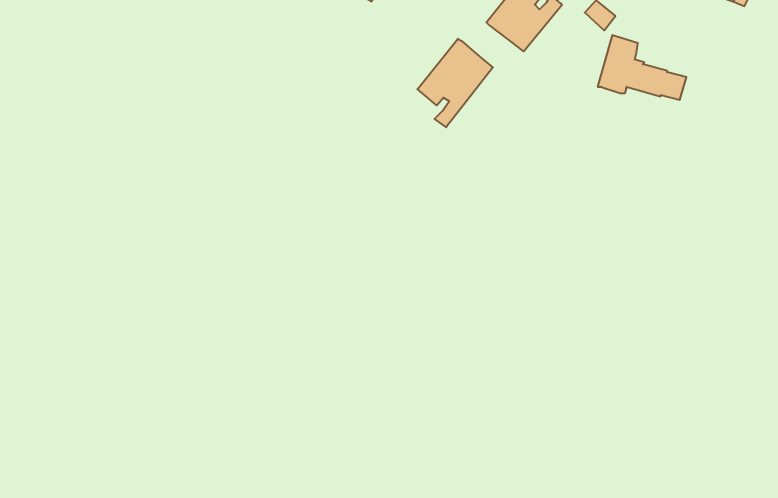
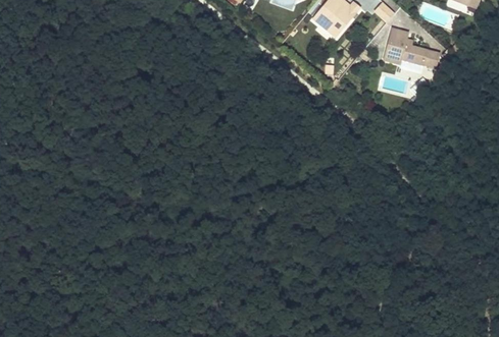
building: [417,39,493,127] -> none

